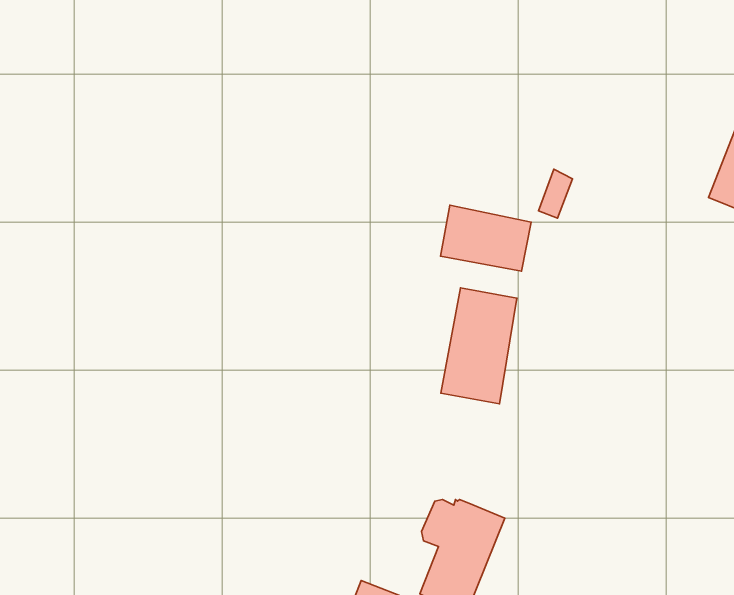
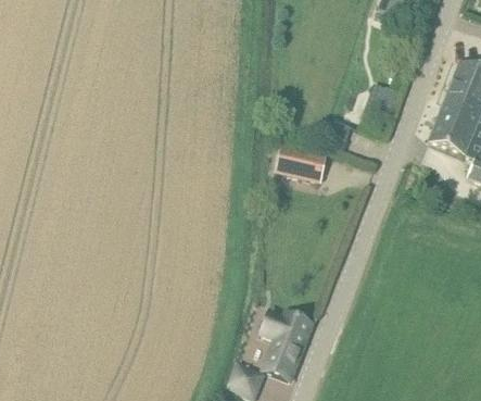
building: [441,288,517,404] -> none

